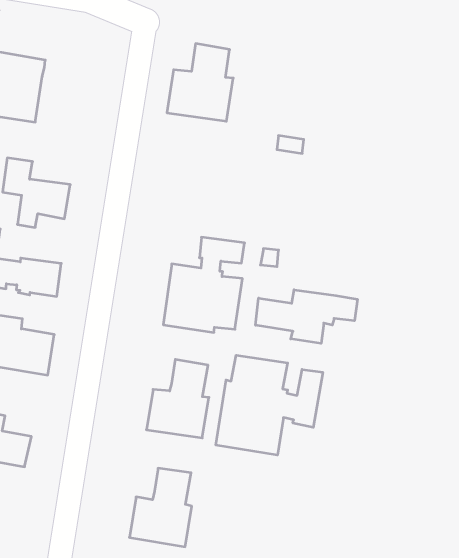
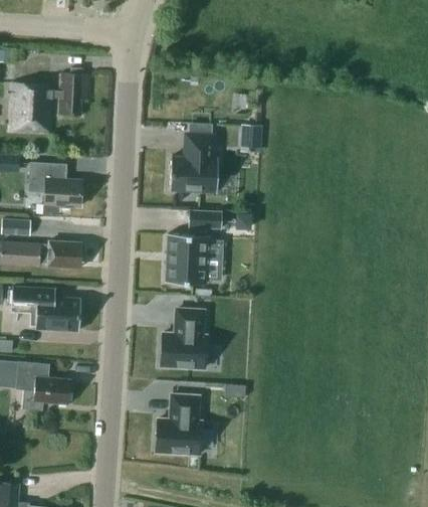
building: [167,44,233,121] -> [169,134,218,192]
building: none -> [51,72,86,115]
building: [256,290,357,343] -> none
building: [216,355,323,455] -> none

